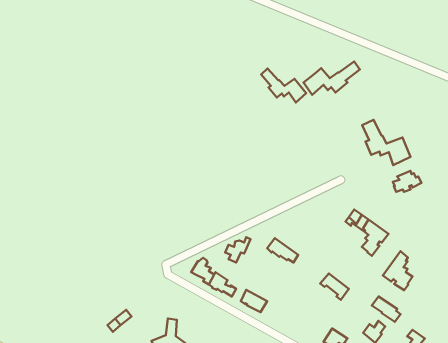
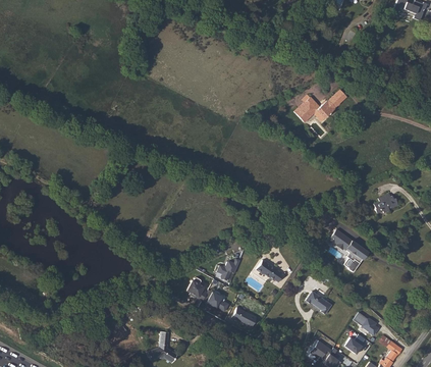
building: [261,69,306,102] -> none
building: [362,120,411,165] -> none
building: [383,251,413,290] -> none

